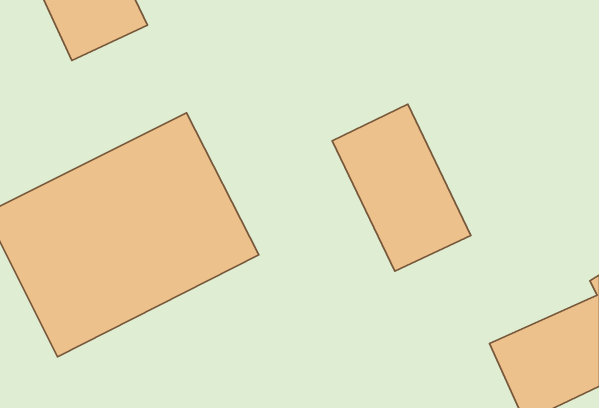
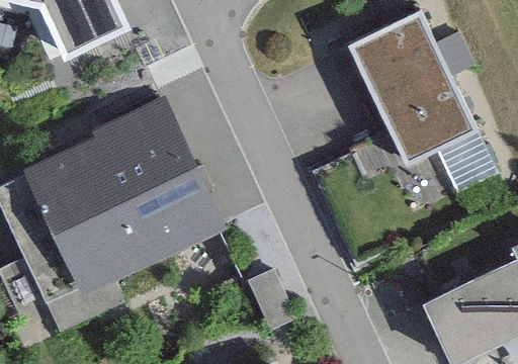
building: [332,104,471,271] -> [356,18,474,161]

